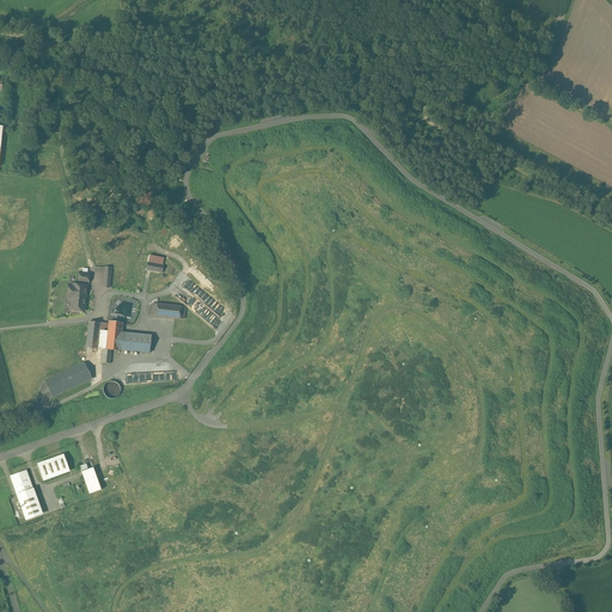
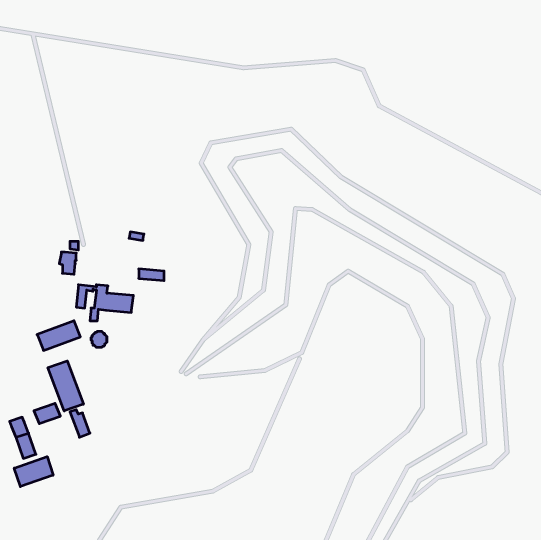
building: none -> [48,361,83,411]
building: none -> [14,457,53,487]

